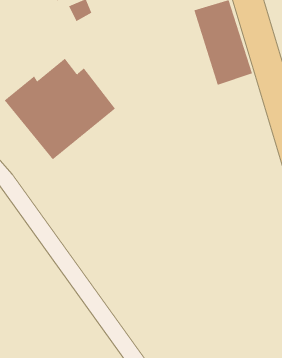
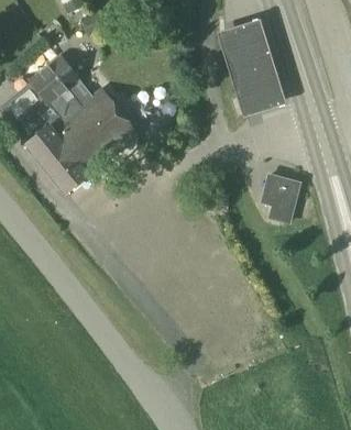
building: none -> [29,58,77,106]
building: none -> [261,173,299,221]

